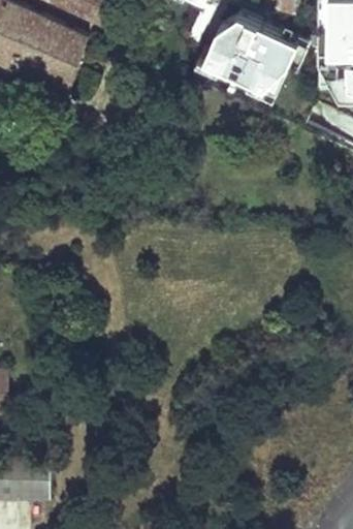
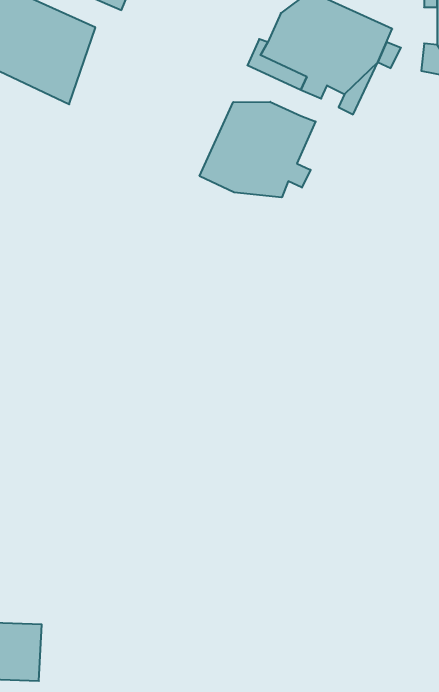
building: none -> [200,102,316,197]

